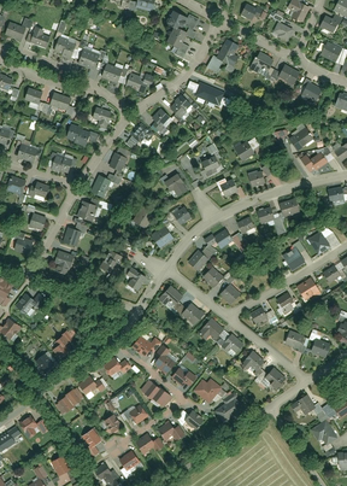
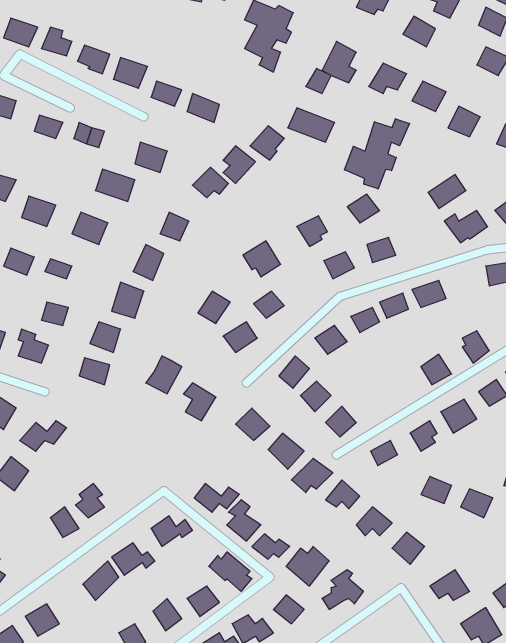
building: none -> [344,119,410,189]

